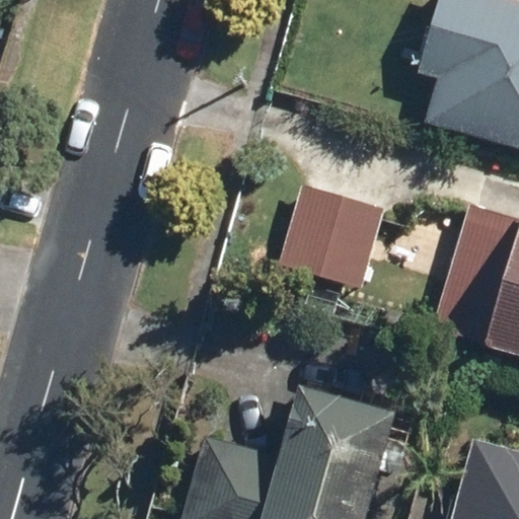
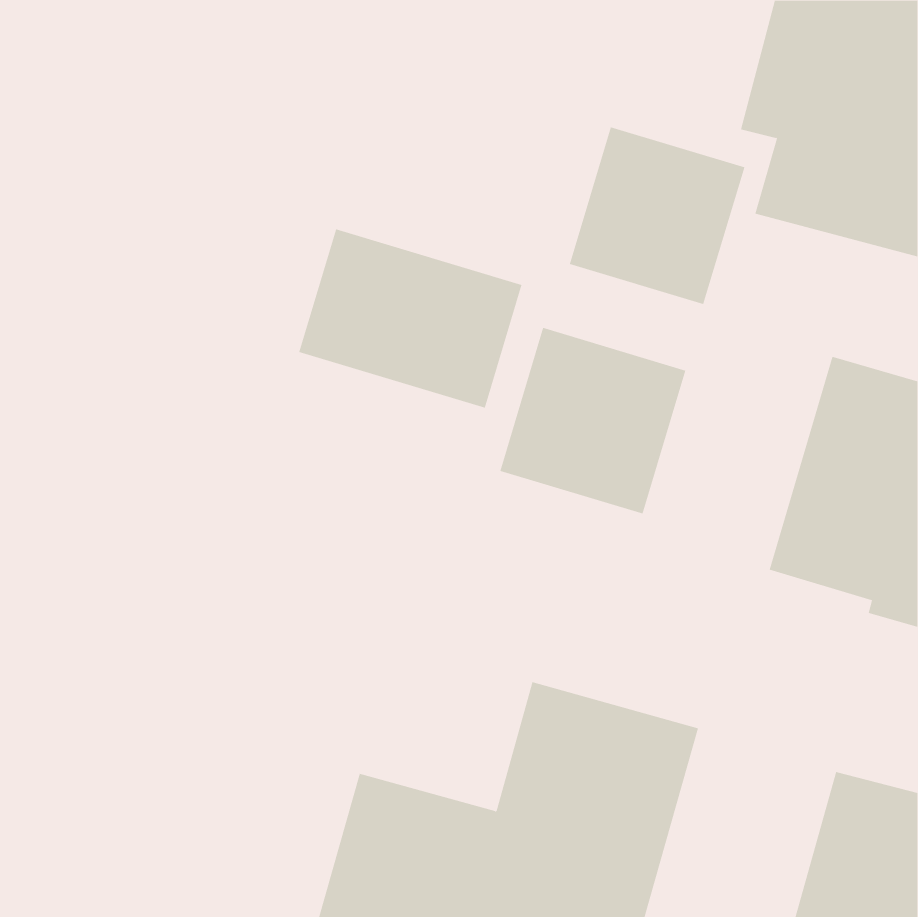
building: none -> [569,126,745,305]
building: none -> [299,229,522,408]

